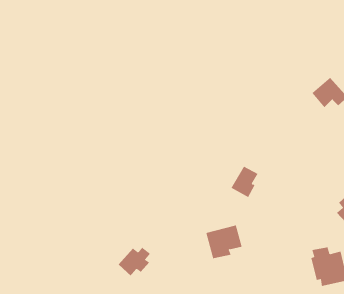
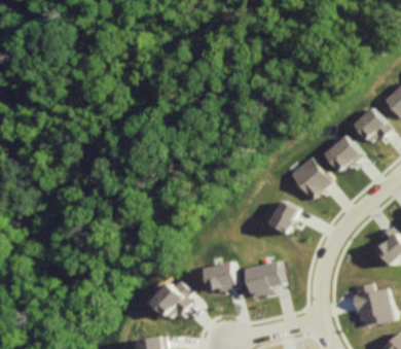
building: none -> [322,137,357,172]
building: none -> [286,158,328,200]
building: none -> [200,263,233,291]

